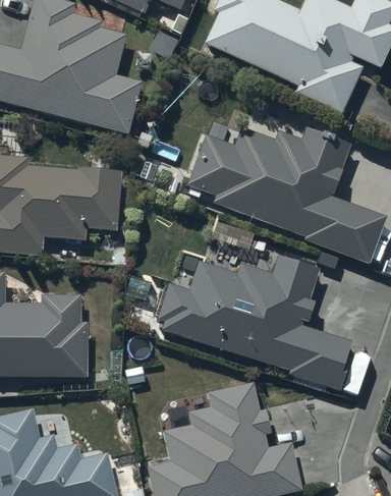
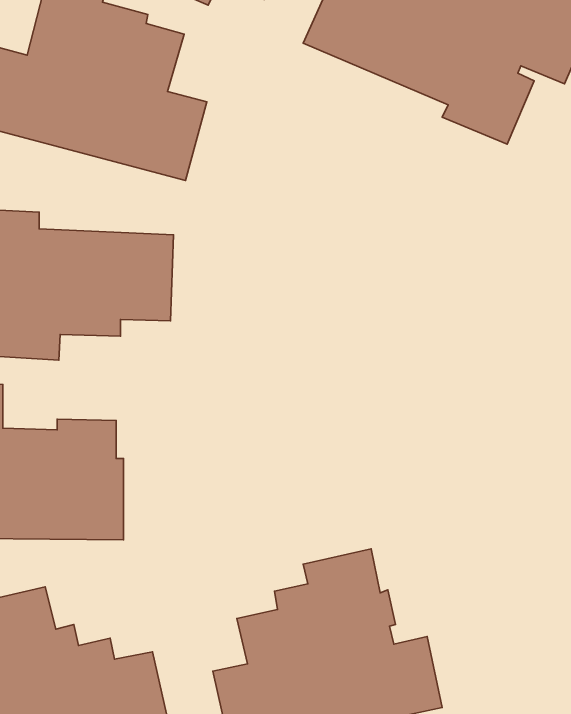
building: [185,127,383,261] -> none
building: [158,255,356,391] -> none

